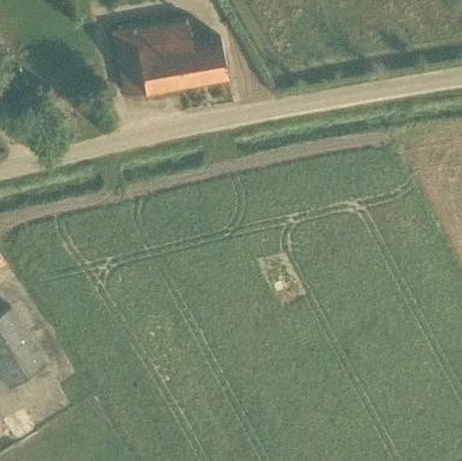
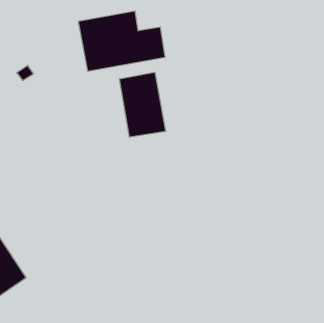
building: none -> [119,72,165,137]

